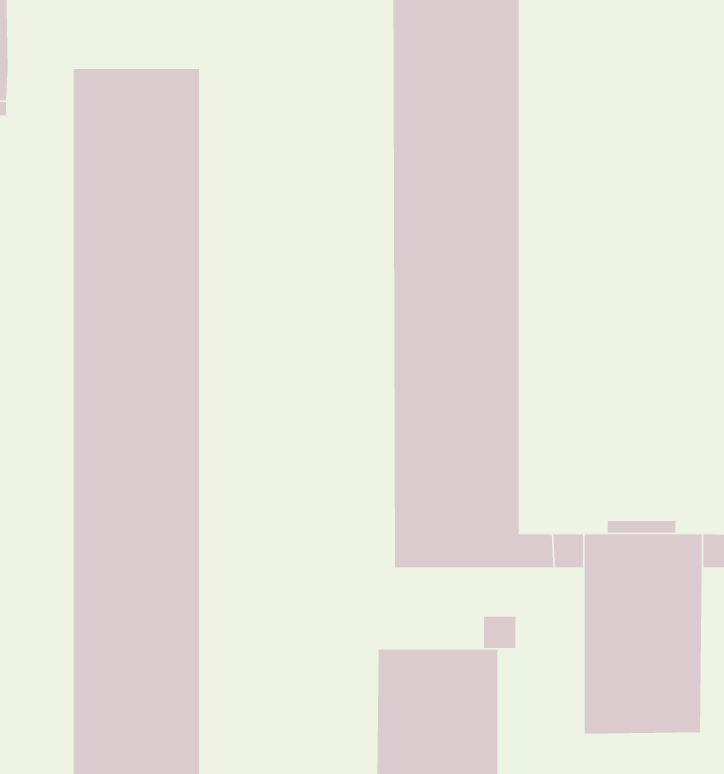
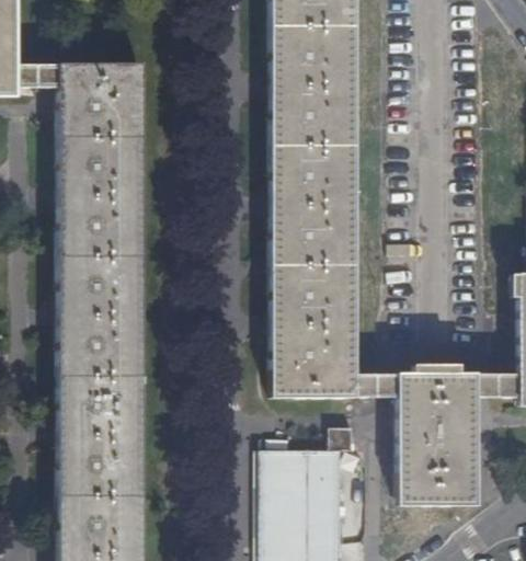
building: none -> [14,65,58,88]

